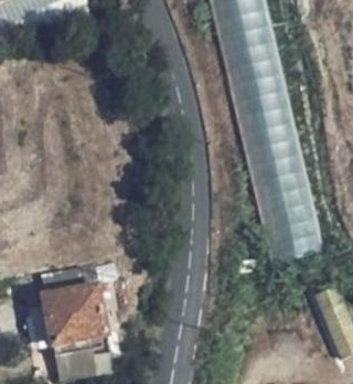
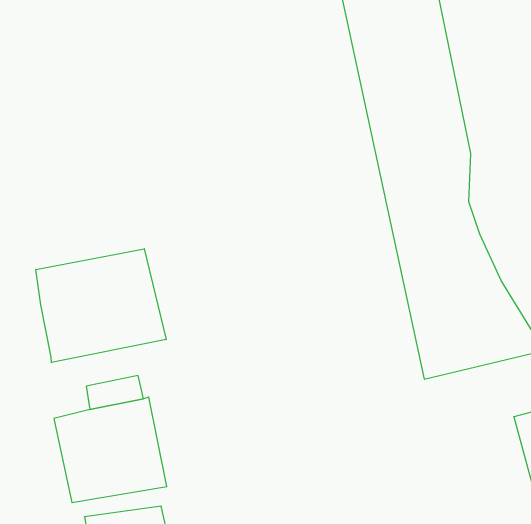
building: none -> [36,249,166,363]

